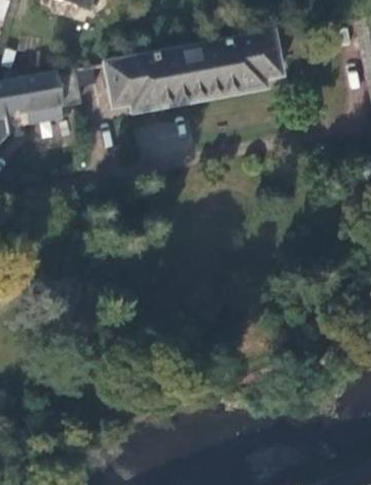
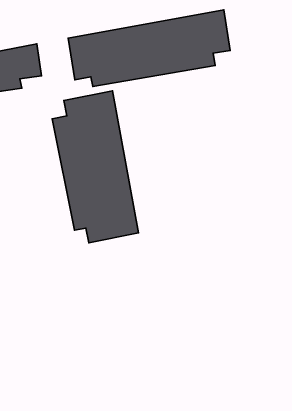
building: none -> [52,91,139,243]

